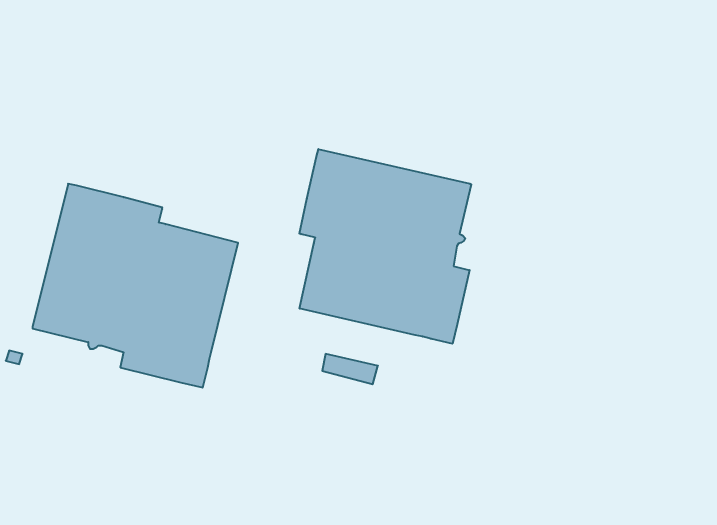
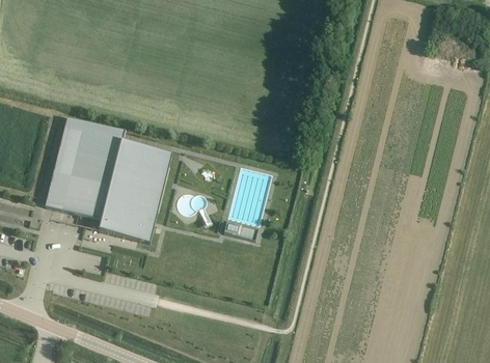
building: [299,149,471,344] -> none

